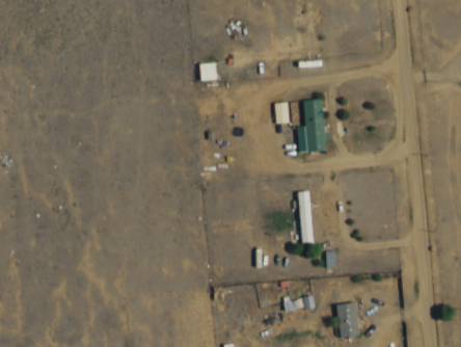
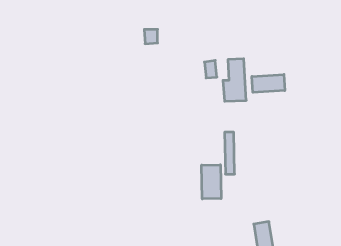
building: none -> [252,74,285,92]
building: none -> [202,165,221,199]

